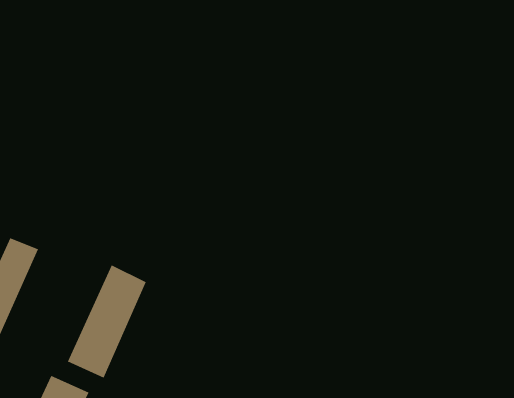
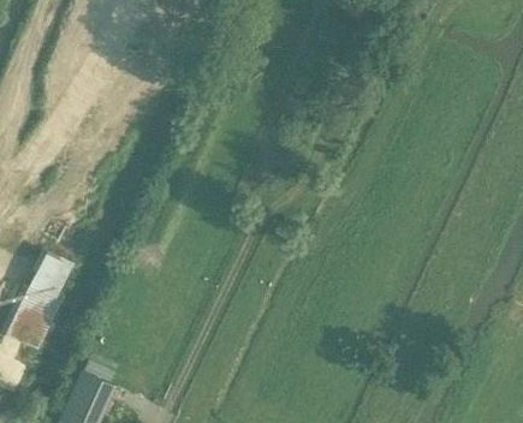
building: [67,265,147,378] -> none

